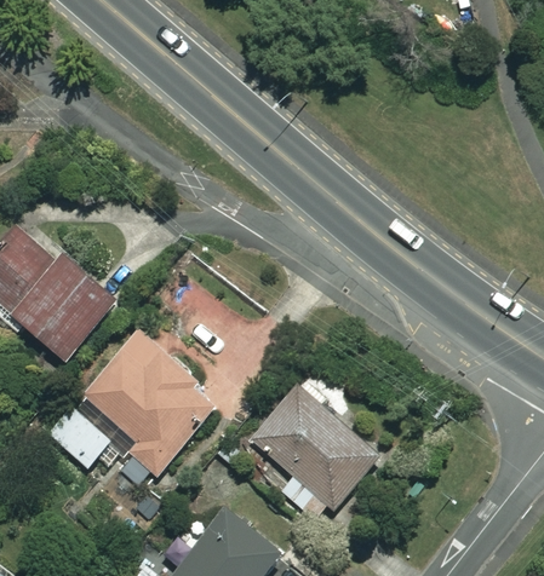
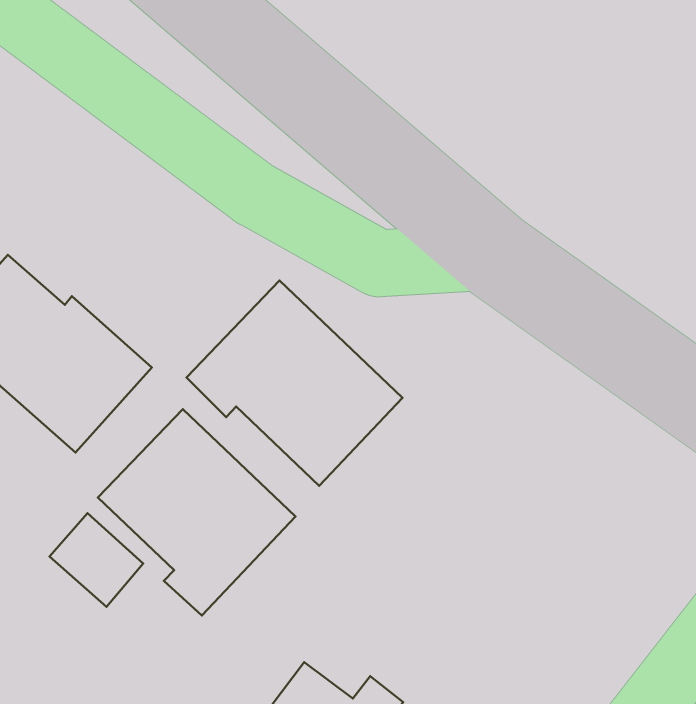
building: none -> [187,281,403,486]
building: [247,385,382,529] -> none

